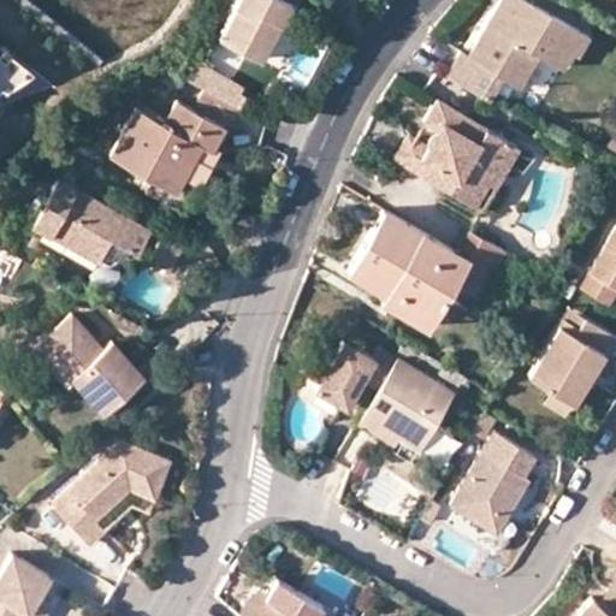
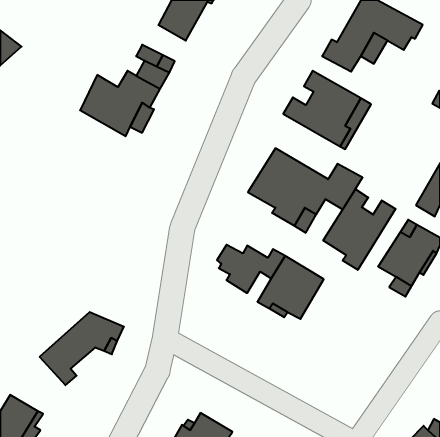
building: [30,178,149,261] -> none
building: none -> [323,189,396,270]
building: [35,316,144,414] -> none
building: [452,434,537,534] -> none

